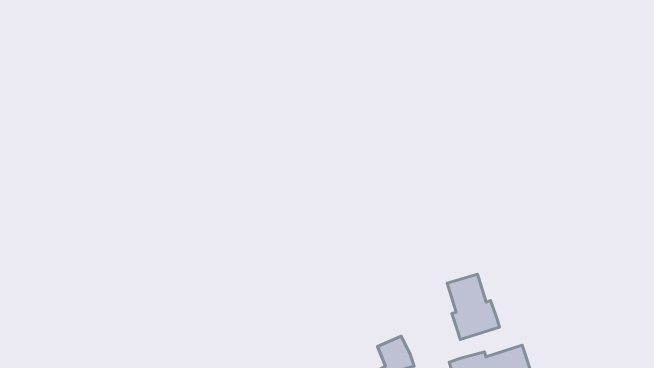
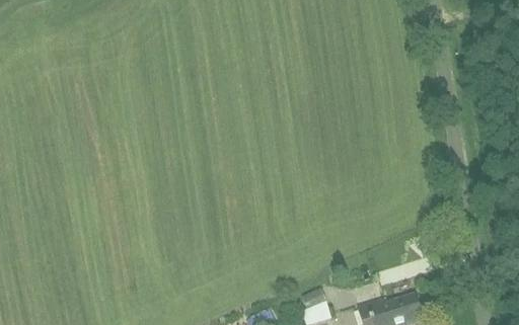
building: [447,274,499,339] -> none

